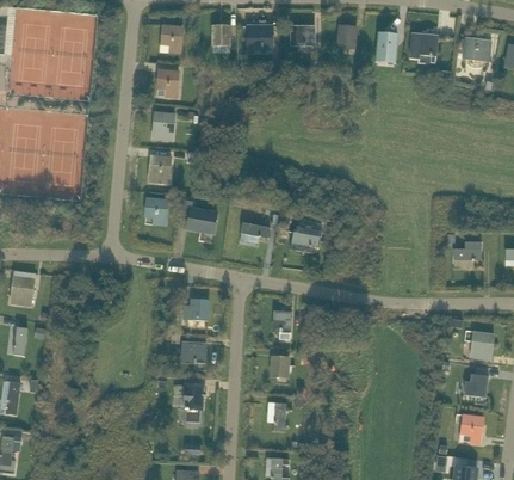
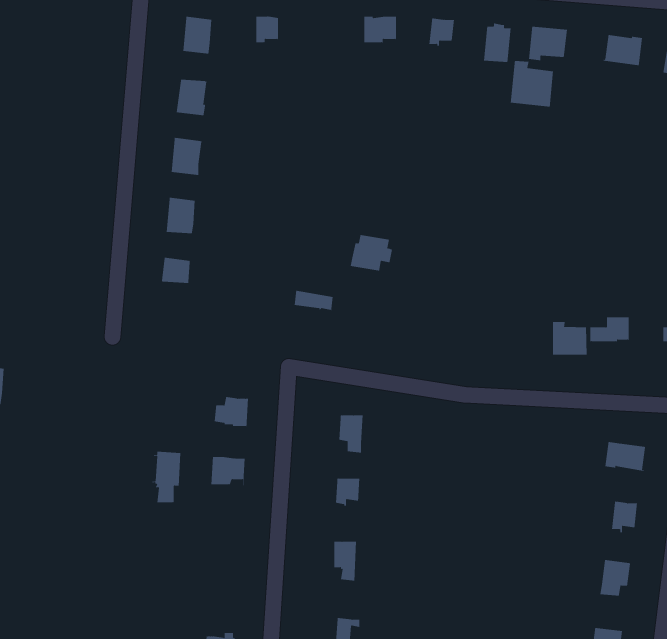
building: [248,25,272,50] -> none
building: none -> [510,60,553,108]
building: [187,208,217,233] -> none
building: [290,226,321,252] -> [350,235,393,271]
building: none -> [553,321,587,356]
building: [182,383,204,420] -> [151,451,181,503]

